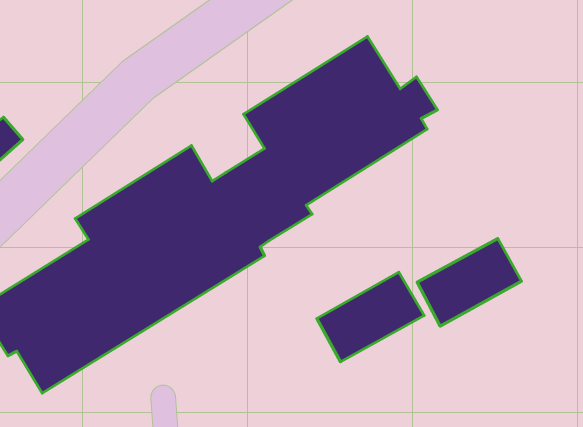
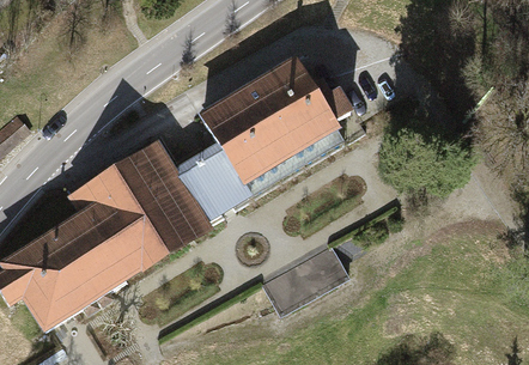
building: [417,239,521,326] -> none

